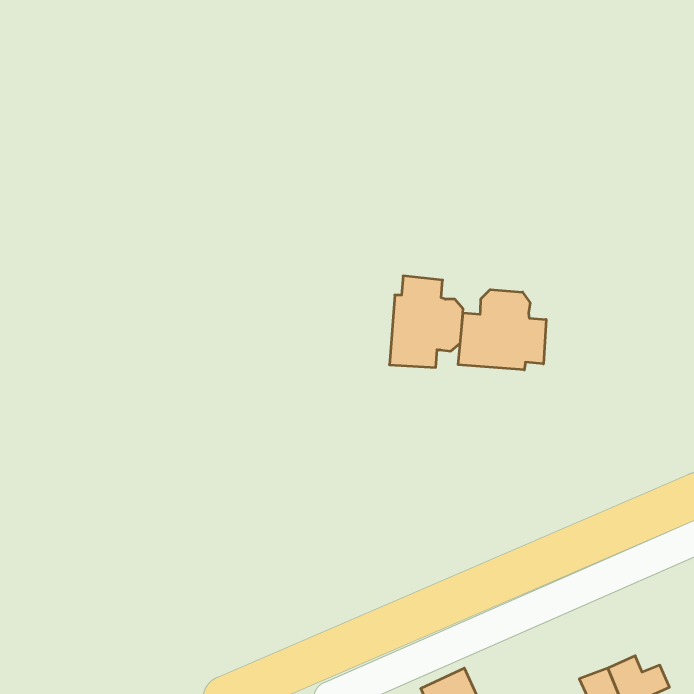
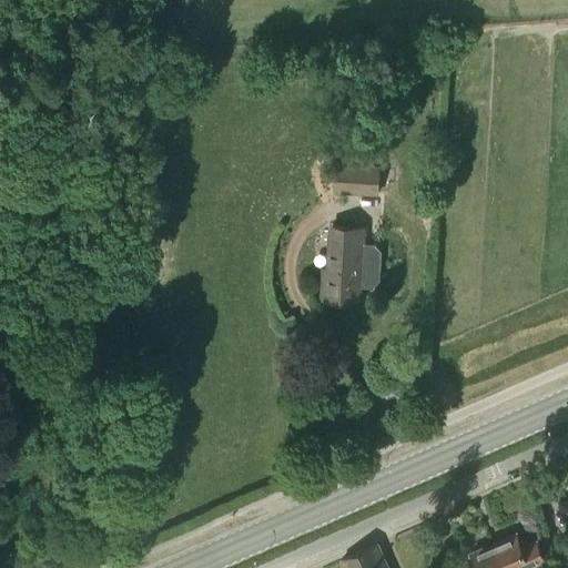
building: none -> [332,164,379,197]
building: [458,290,546,370] -> none

